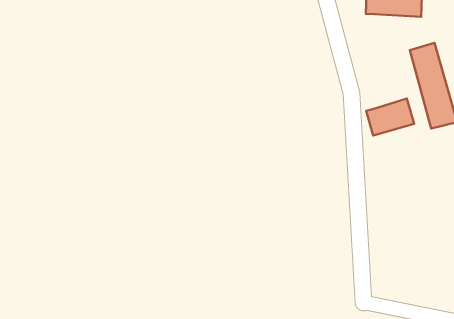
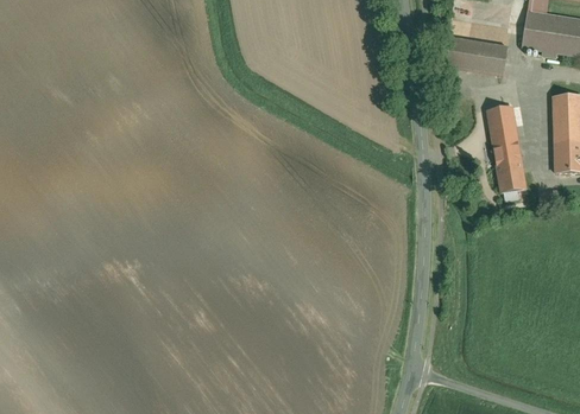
building: [366,98,414,135] -> none

